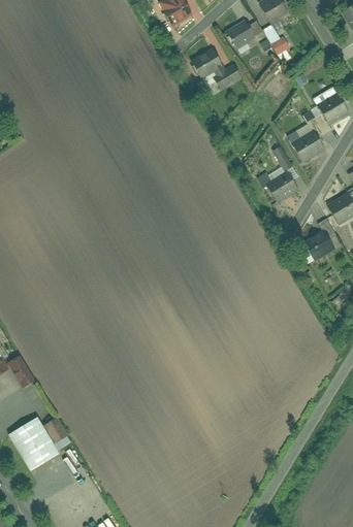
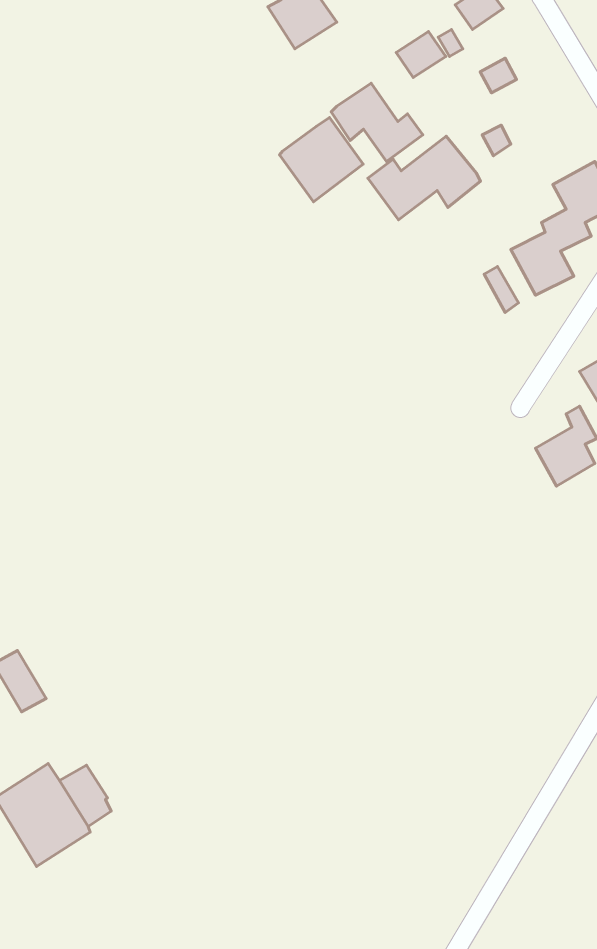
building: none -> [280,117,363,202]
building: none -> [368,136,480,220]
building: [260,168,296,206] -> none

